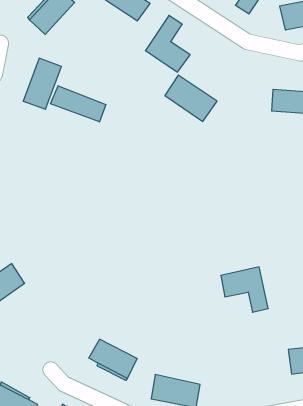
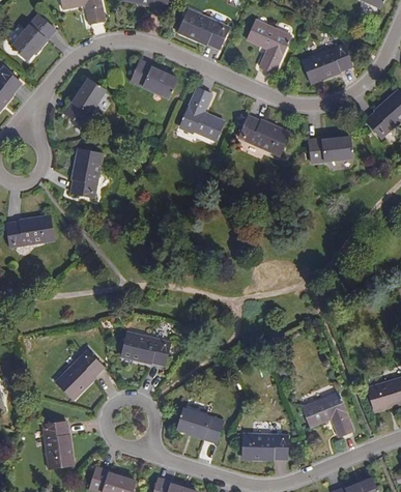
building: [165,75,217,122] -> [238,116,289,156]
building: [51,86,106,122] -> none
building: none -> [121,332,170,366]
building: [221,267,268,312] -> [302,393,352,437]

